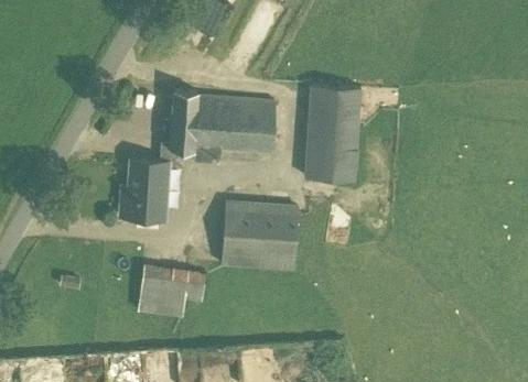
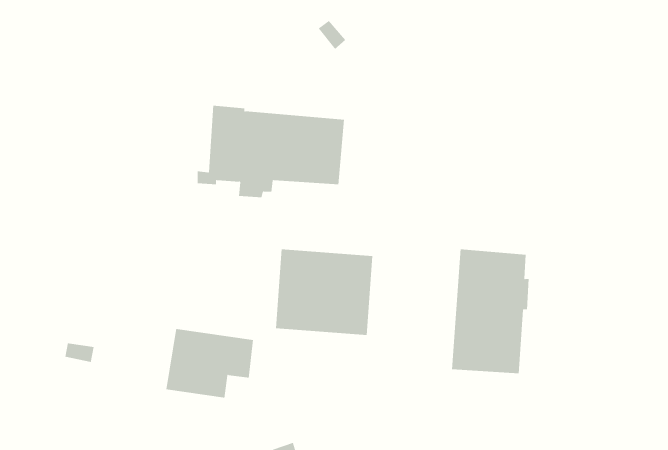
building: [303,85,364,182] -> [451,249,529,374]
building: [120,152,176,220] -> none

